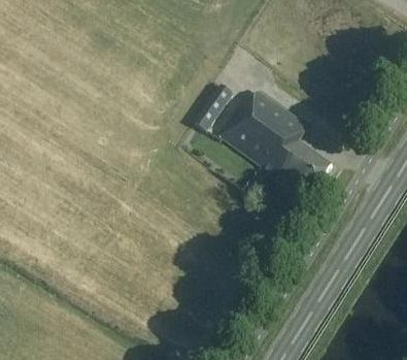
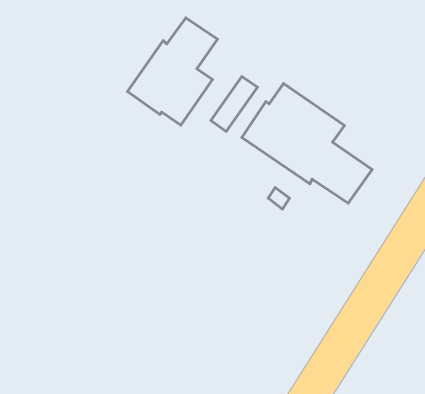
building: none -> [127,18,217,125]

